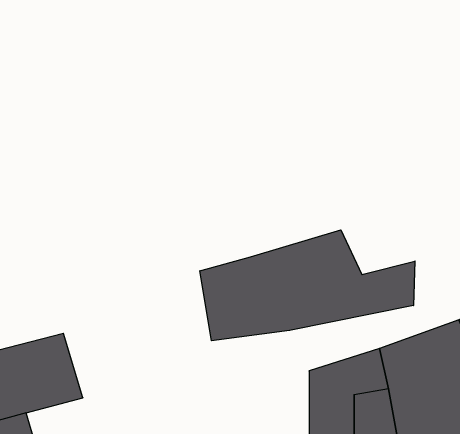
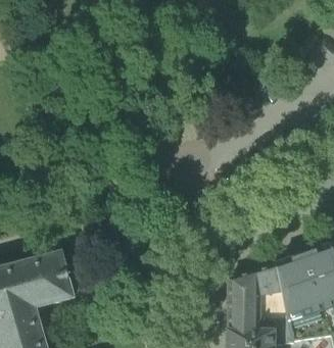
building: [200,230,415,341] -> none

